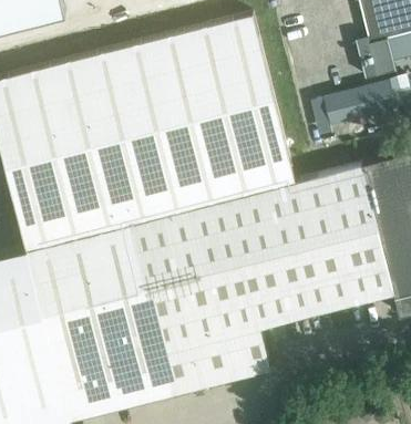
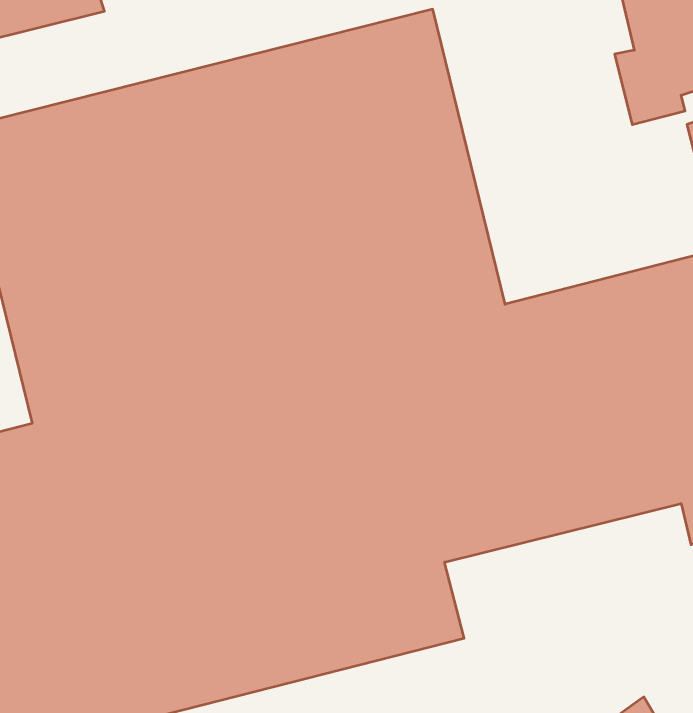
building: [322,82,395,127] -> none

